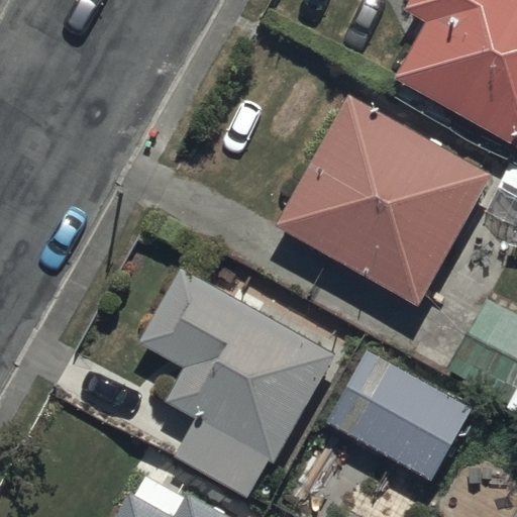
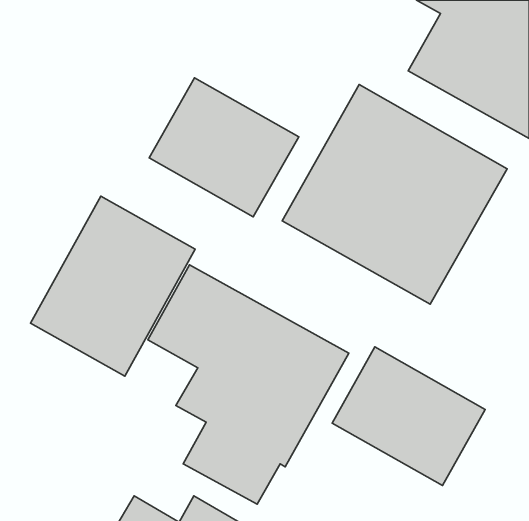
building: none -> [149,78,299,217]
building: none -> [30,196,195,376]

